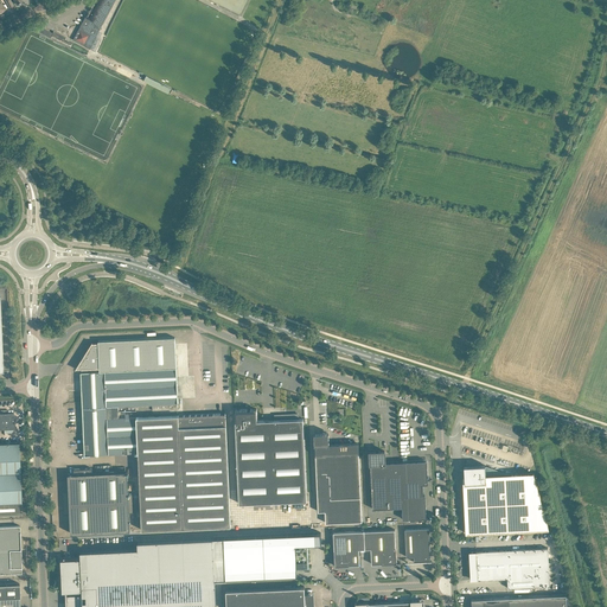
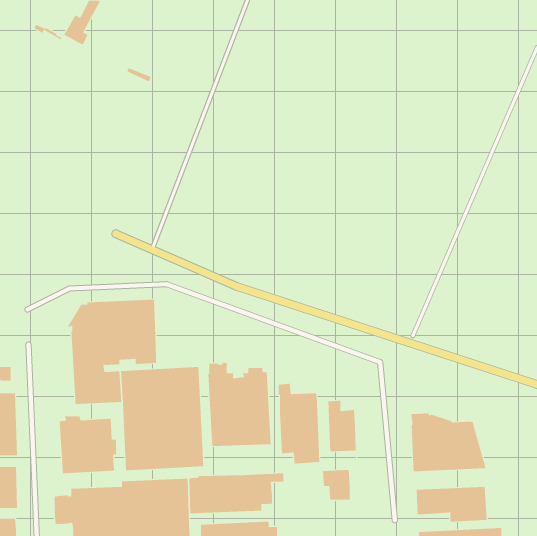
building: [400,462,427,520] -> none
building: [404,530,430,564] -> none
building: [332,532,364,568] -> none

